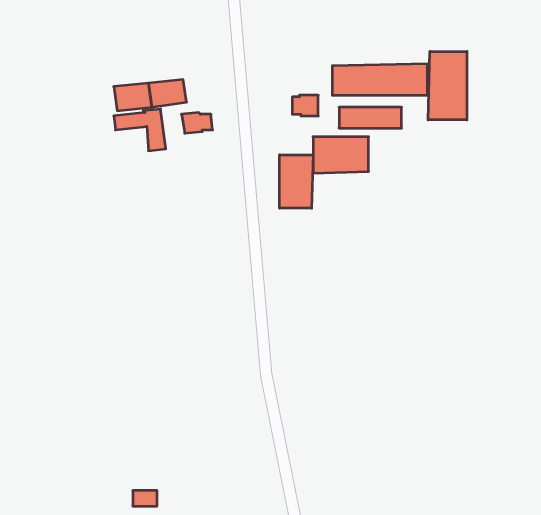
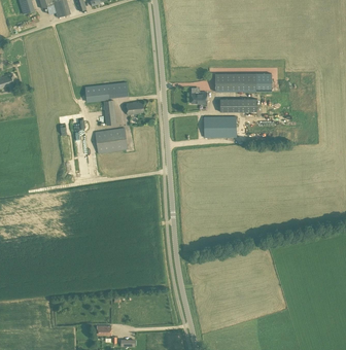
building: [428,51,467,120] -> none
building: [280,155,313,208] -> none
building: none -> [95,128,129,153]

